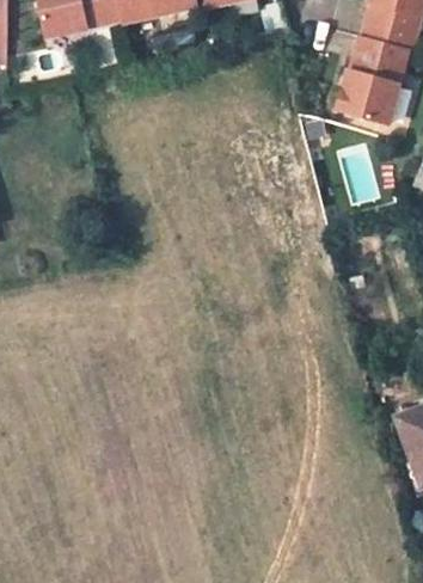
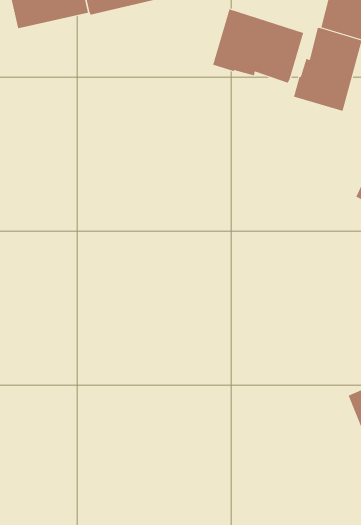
building: none -> [213,8,304,84]

